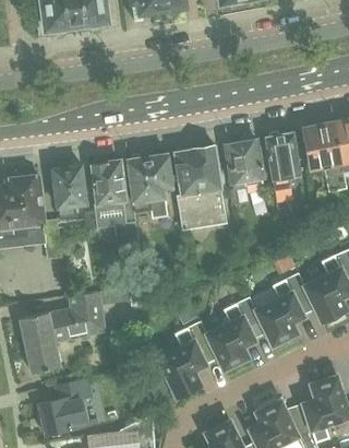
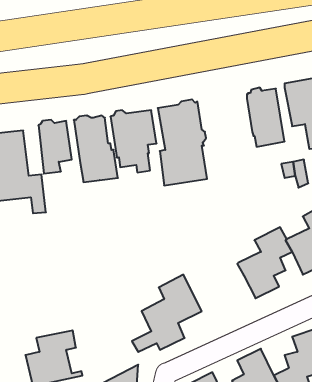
building: [225,137,269,190] -> none
building: [20,292,105,373] -> none
building: [206,297,261,369] -> none

